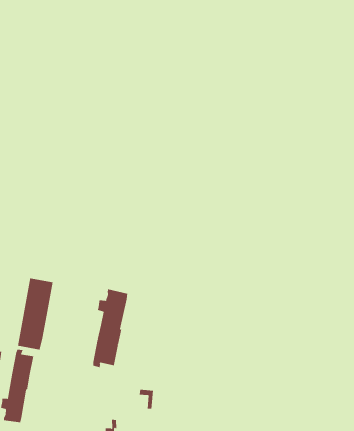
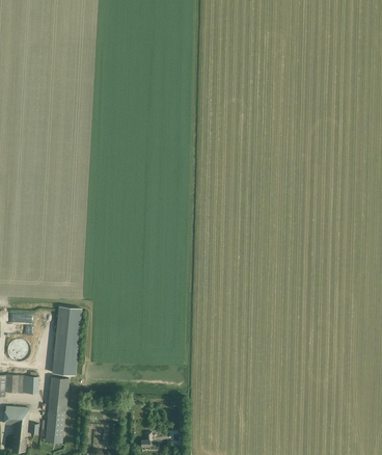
building: [93,288,128,368] -> none

